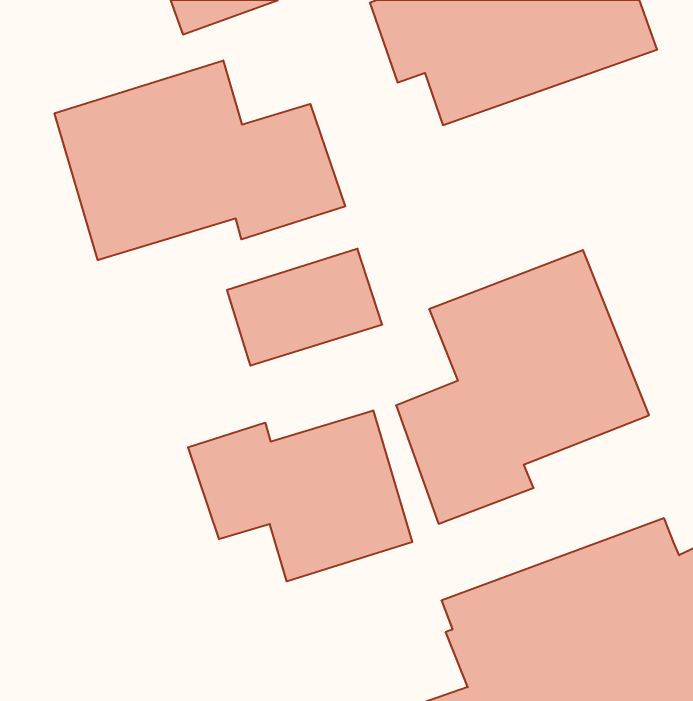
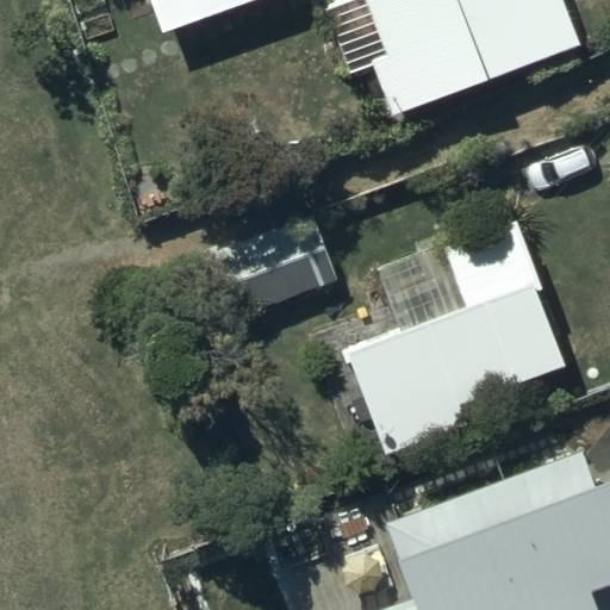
building: [55,60,345,260] -> none
building: [188,410,412,581] -> none

